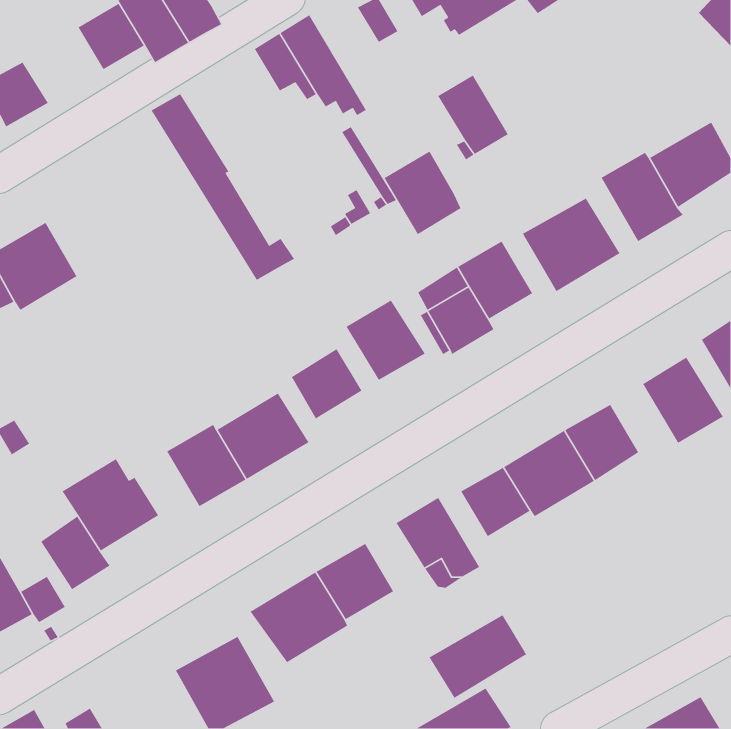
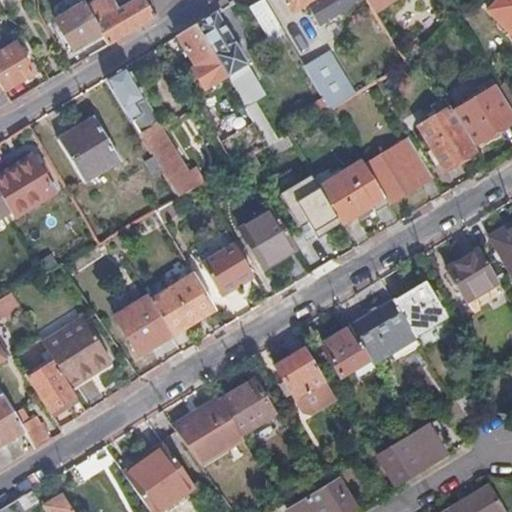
building: [384,151,462,235] -> none
building: none -> [59,117,120,180]
building: [428,614,527,699] -> [377,426,446,485]

